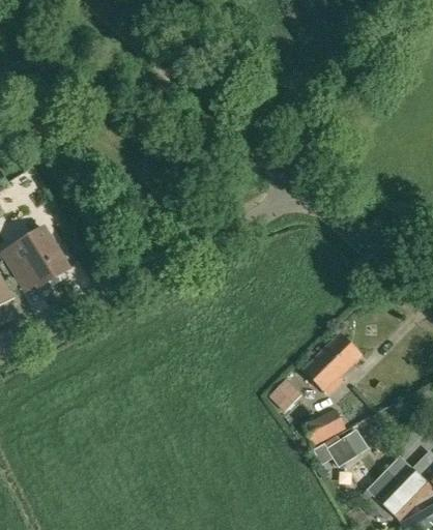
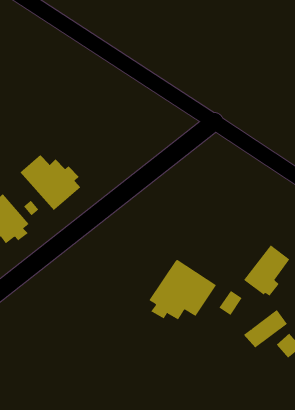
building: none -> [20,154,81,211]
building: none -> [148,259,217,320]

